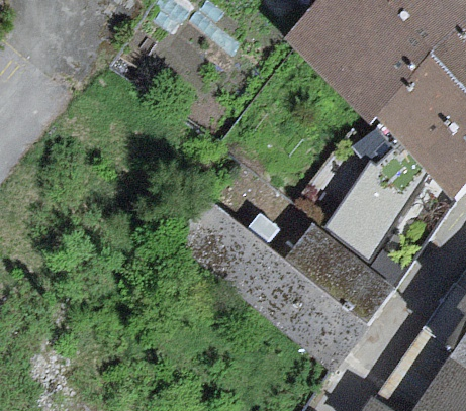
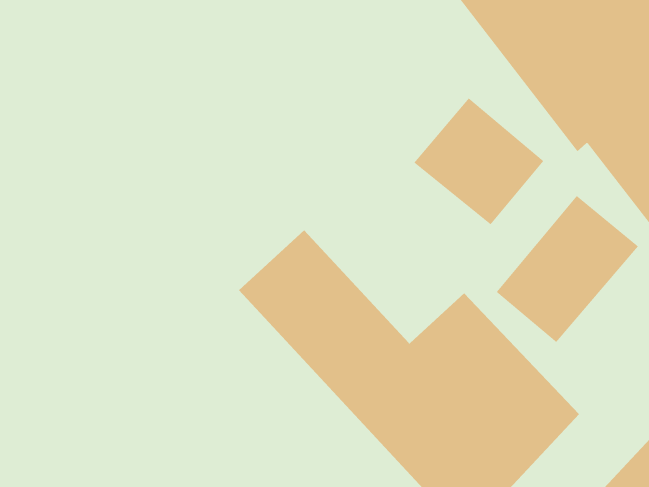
building: none -> [414,98,544,225]

